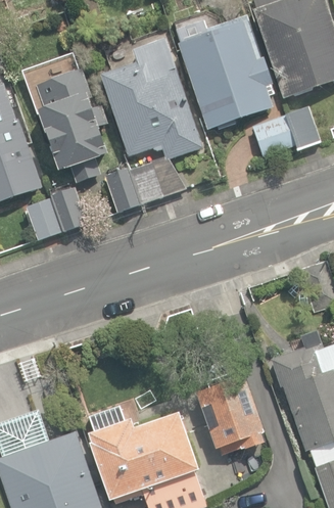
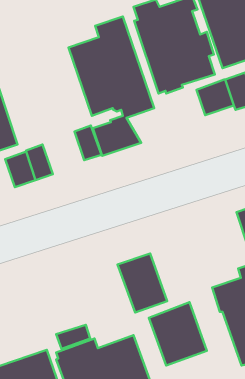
building: [30,66,109,183] -> none
building: none -> [118,254,167,313]

